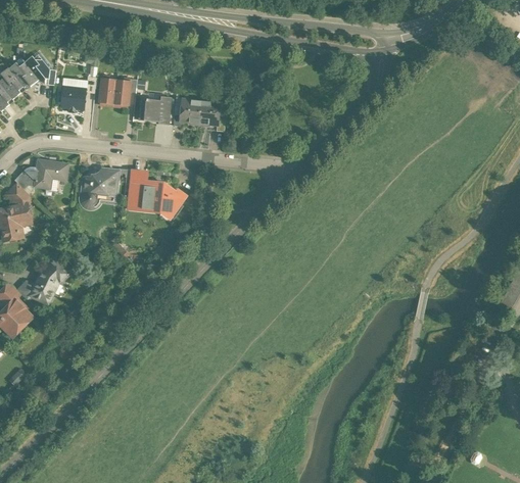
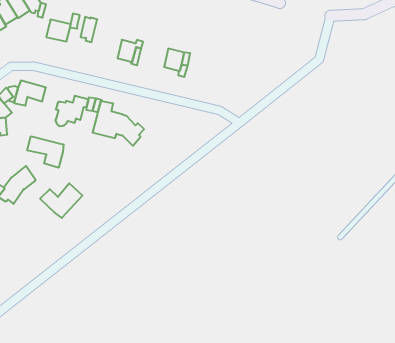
building: [112,79,130,106] -> none
building: [180,99,200,123] -> none
building: none -> [27,136,64,168]
building: none -> [40,183,82,218]

